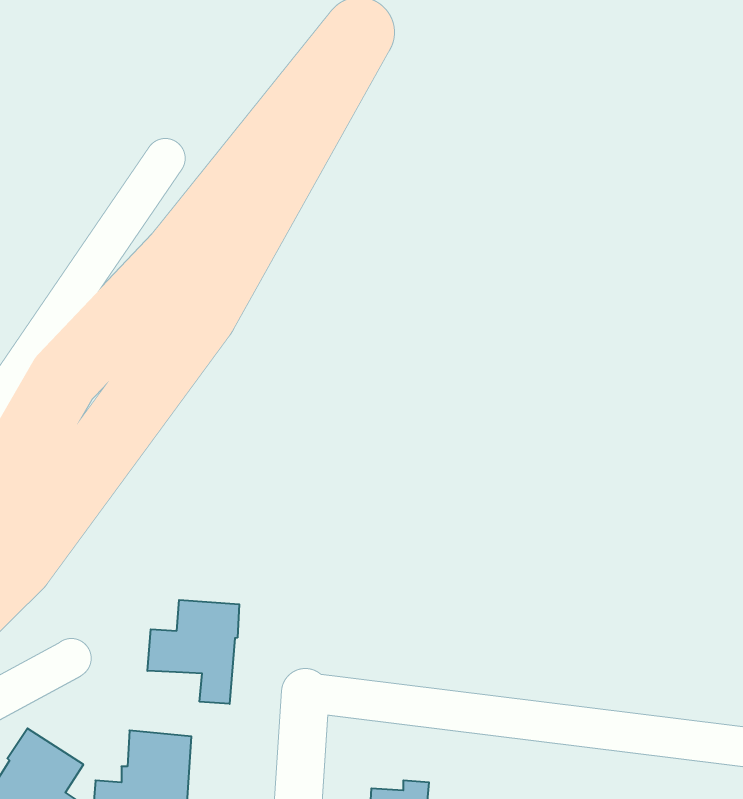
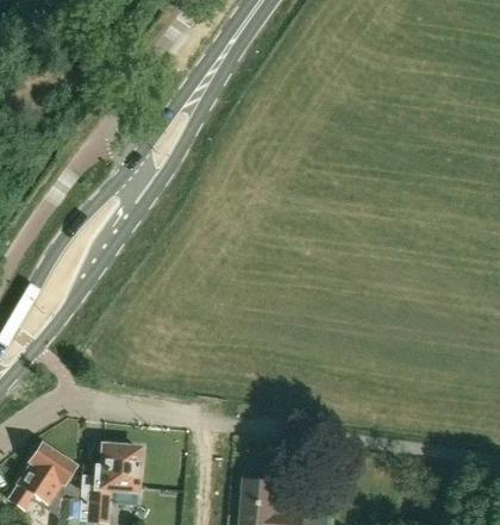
building: [147,600,239,704] -> none

